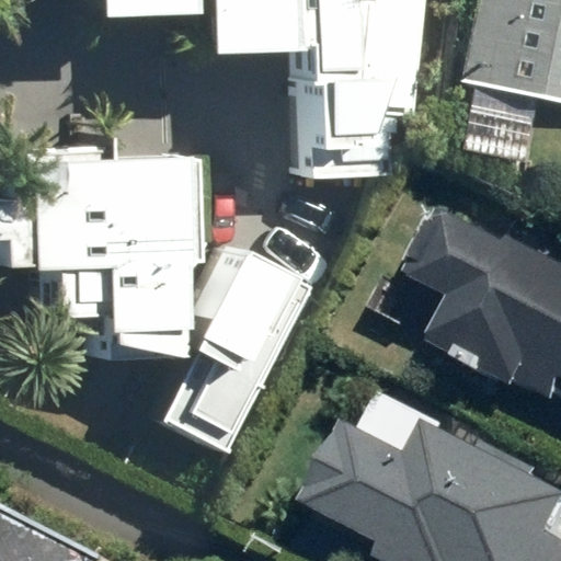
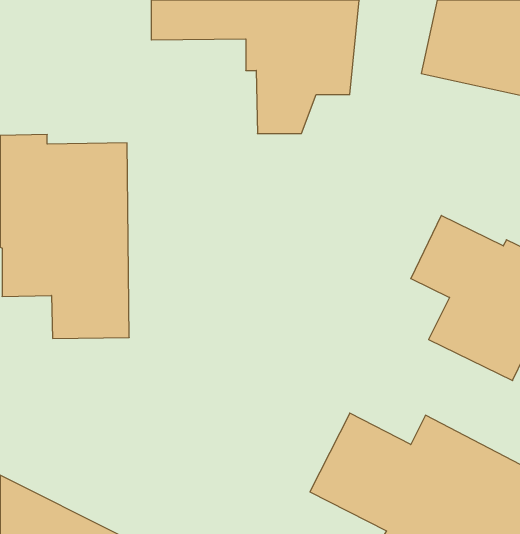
building: [126,243,282,451] -> none

